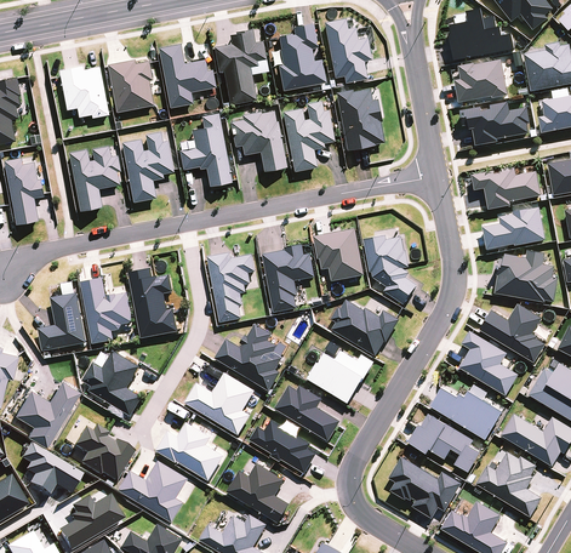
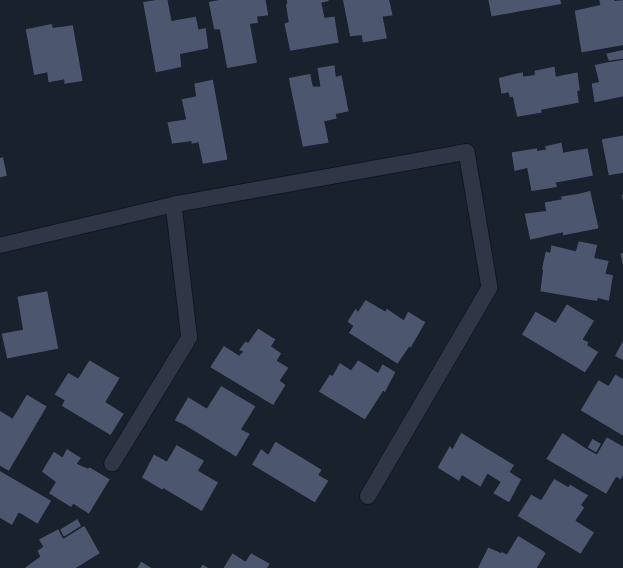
building: [107,59,153,112] -> none
building: [455,59,508,103] -> none
building: [335,89,383,150] -> none
building: [229,110,286,171] -> none
building: [121,131,172,203] -> none
building: [68,146,120,211] -> none
building: [313,228,364,281] -> none
building: [362,234,417,304] -> none
building: [262,244,314,312] -> none
building: [207,252,256,323] -> none
building: [129,267,178,338] -> none
building: [81,278,132,343] -> none
building: [458,330,519,395] -> none
building: [274,384,339,440] -> none
building: [430,388,502,440] -> none
building: [389,457,461,518] -> none
building: [116,460,187,521] -> none
building: [227,462,290,523] -> none

